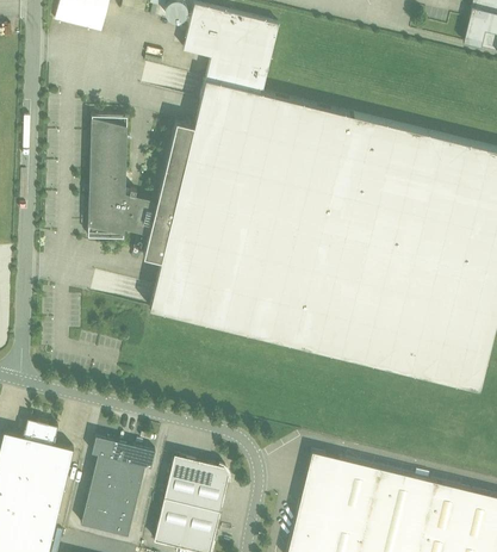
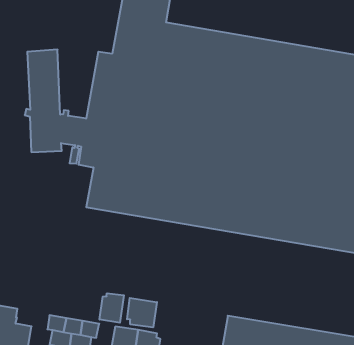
building: none -> [100,293,124,323]
building: none -> [127,298,157,327]

